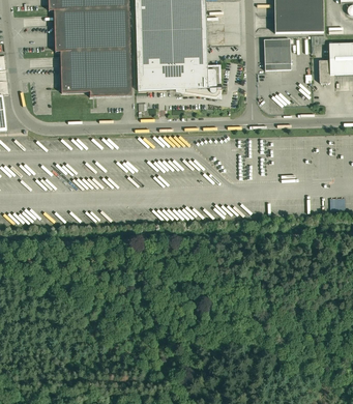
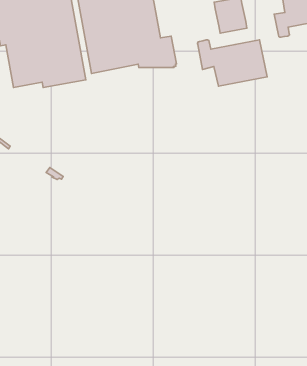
building: none -> [197,40,267,86]

